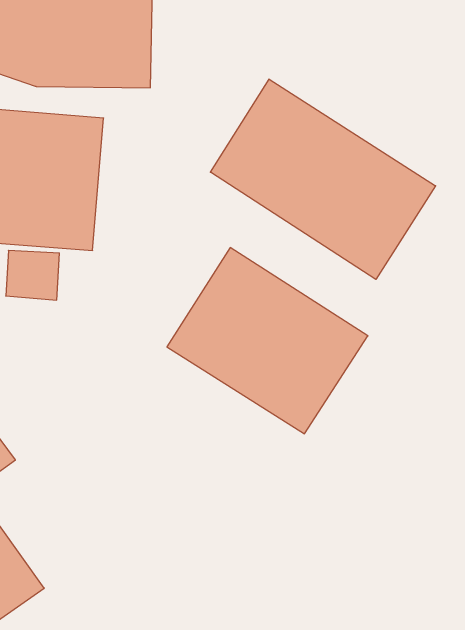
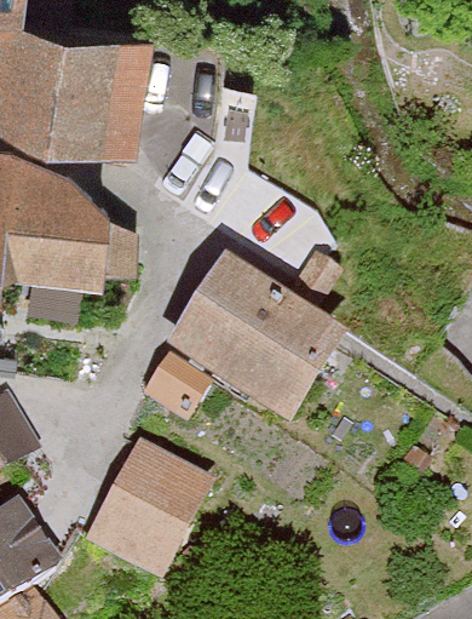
building: [210,79,436,279] -> none
building: none -> [93,442,212,568]

